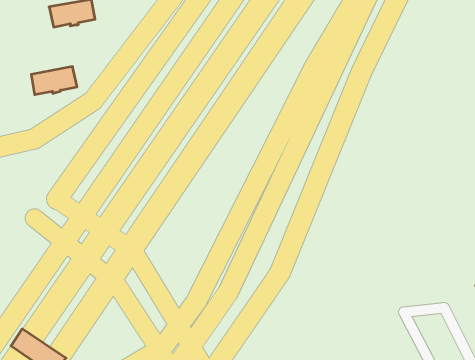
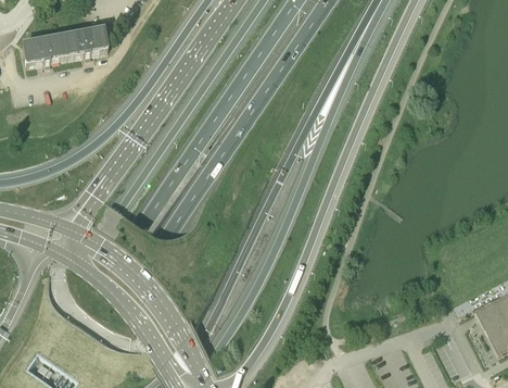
building: [31,67,77,95] -> [23,33,67,60]

